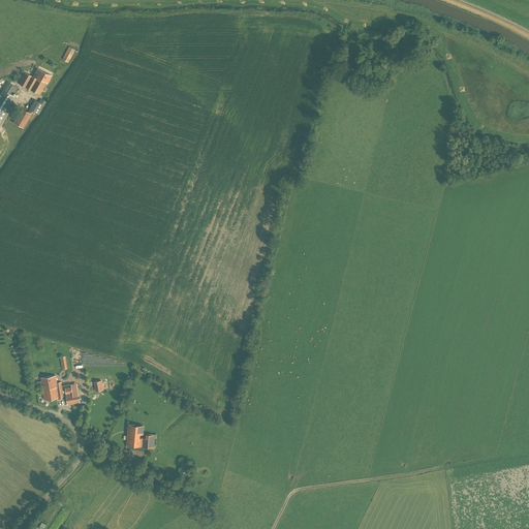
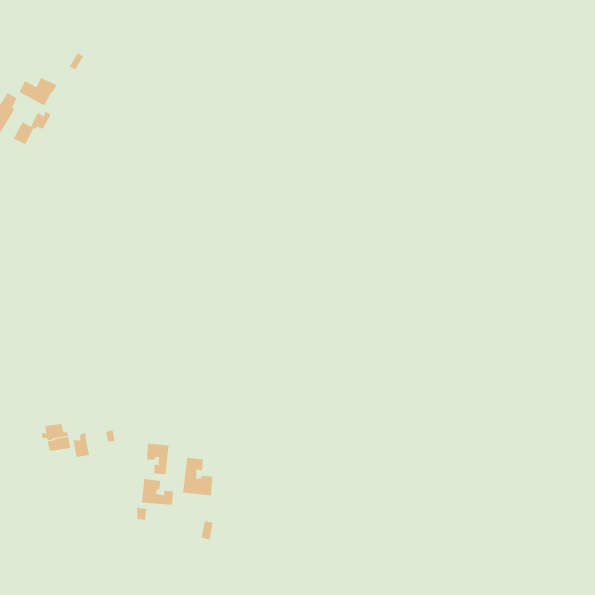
building: none -> [146,443,169,475]
building: none -> [182,457,213,496]

